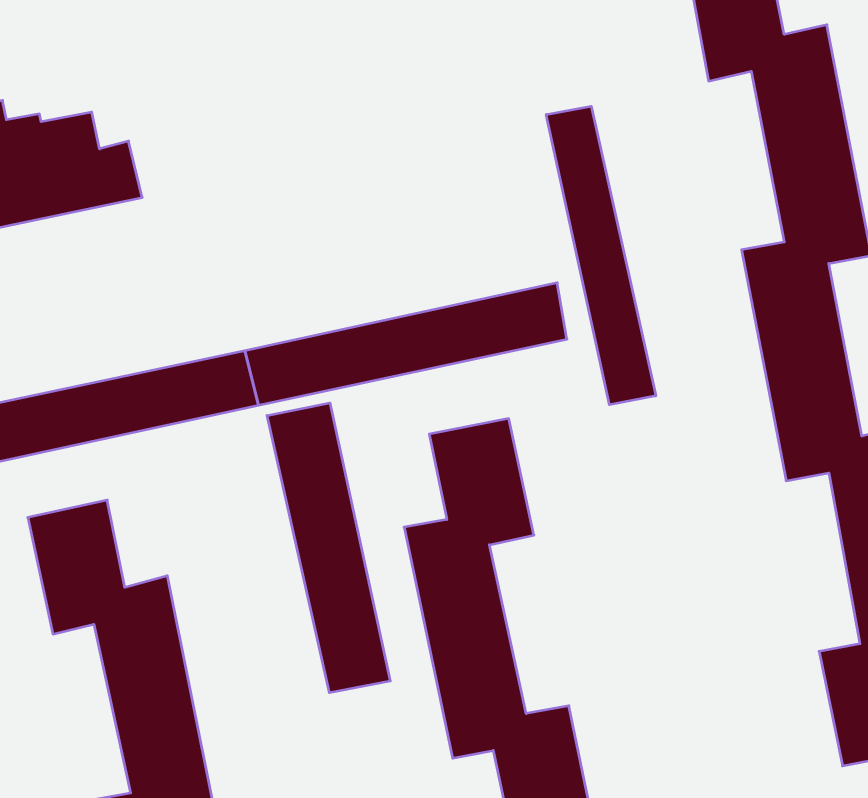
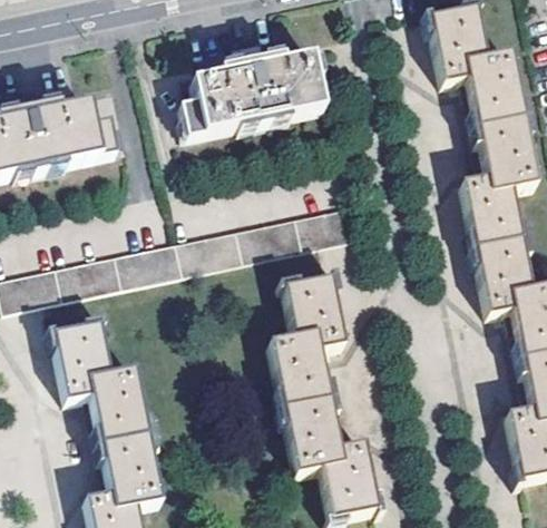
building: none -> [182,51,324,139]
building: [546,106,656,405] -> none
building: [267,403,390,693] -> none

